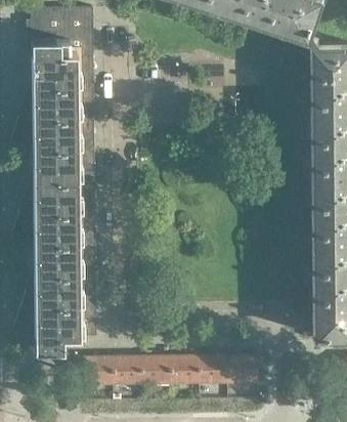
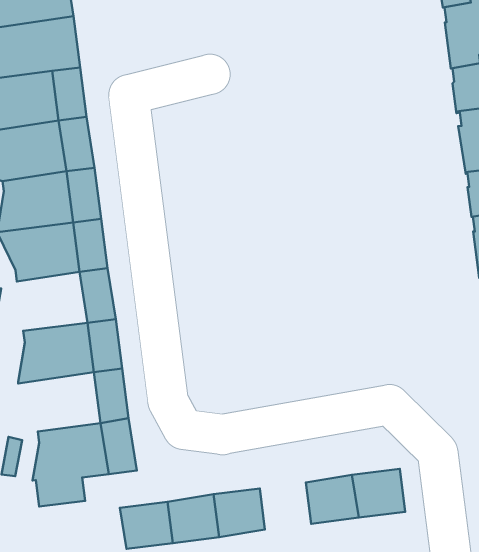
building: [26,211,73,243] -> none
building: [26,273,73,305] -> none
building: [165,357,193,383] -> none

